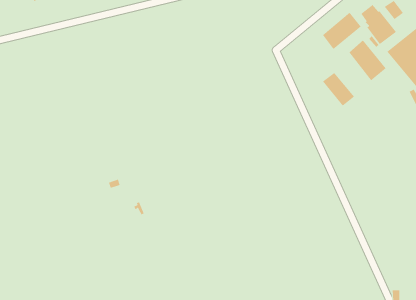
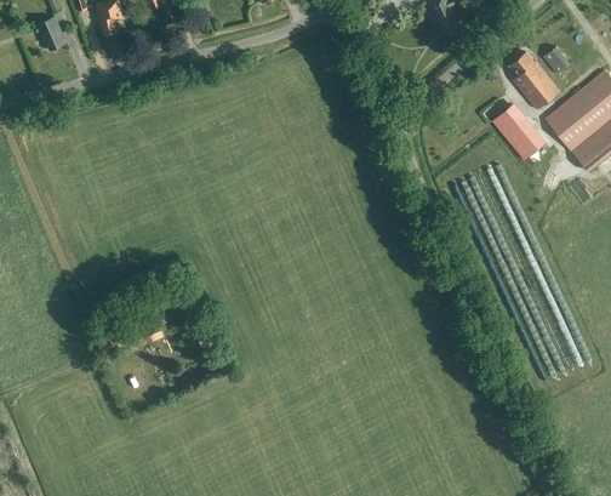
building: [322,12,362,50] -> none
building: [322,72,355,106] -> none

